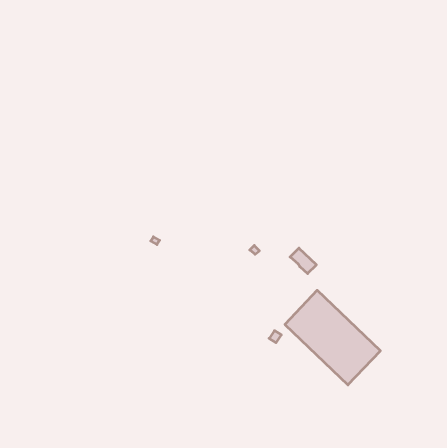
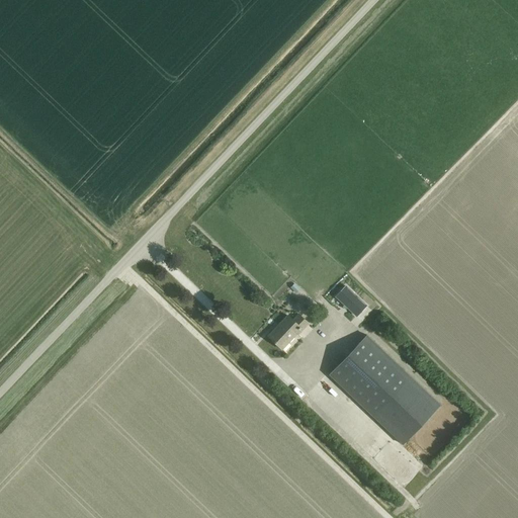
building: none -> [267,315,308,349]

